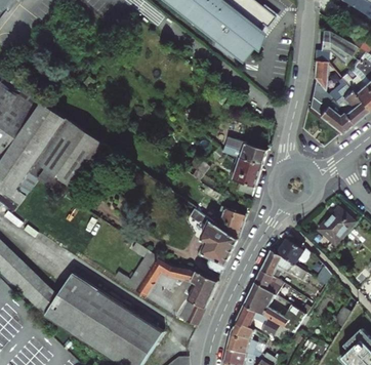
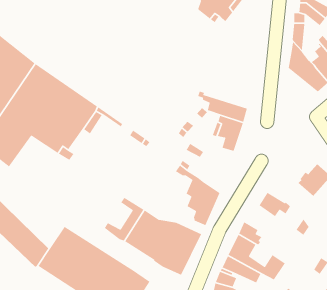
building: [219,208,245,239] -> none
building: [262,249,307,279] -> none

